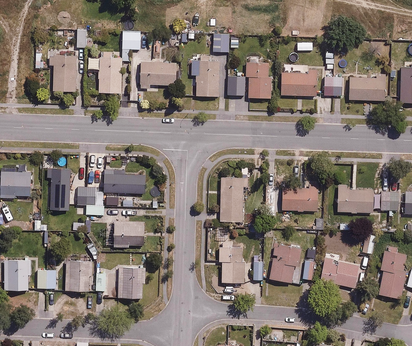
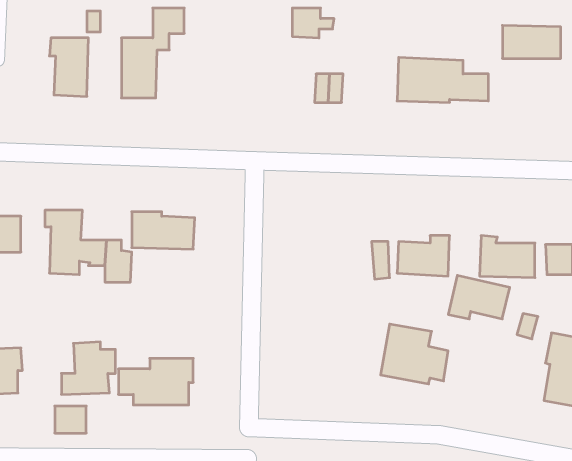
building: [196,61,220,96] -> none
building: [140,62,176,89] -> none
building: [244,63,273,97] -> none
building: [349,77,388,99] -> [502,25,561,58]
building: [219,177,248,222] -> none
building: [113,222,145,248] -> none
building: [218,243,247,281] -> none
building: [319,259,360,288] -> [448,275,510,319]
building: [34,270,55,288] -> [55,406,86,433]

